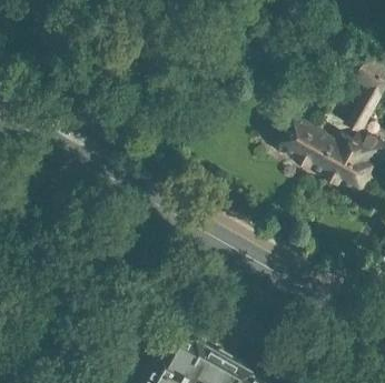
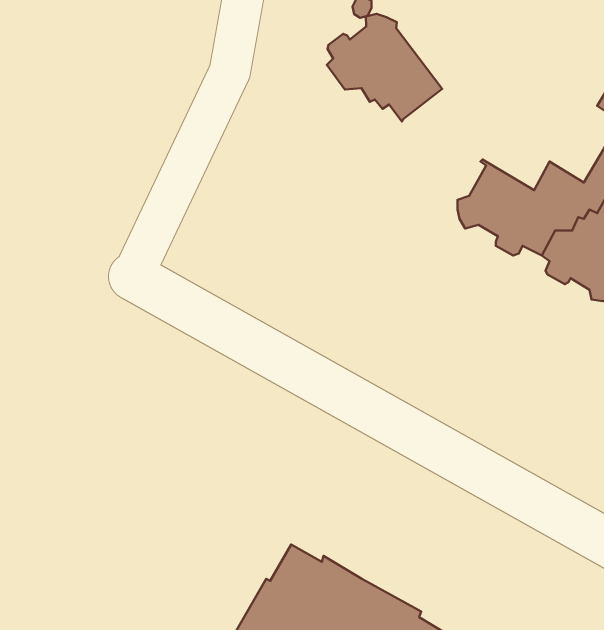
building: none -> [327,14,442,121]

